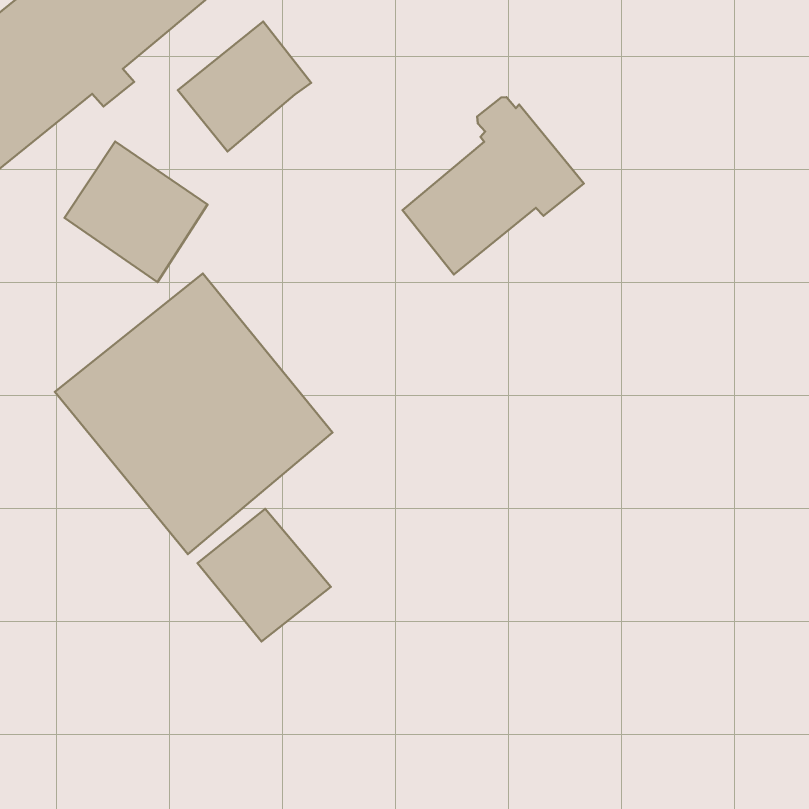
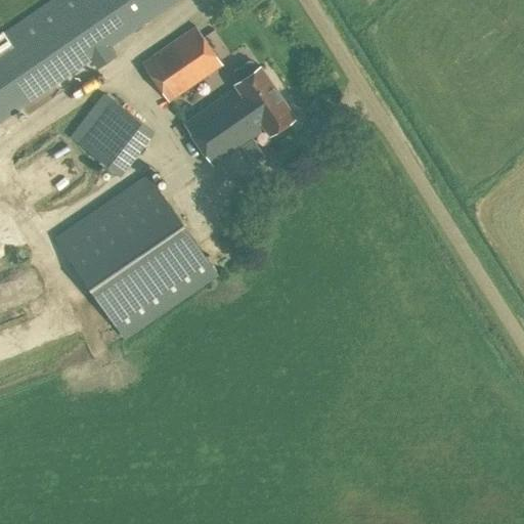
building: [402,97,584,274] -> [184,61,294,165]
building: [198,509,331,641] -> none

